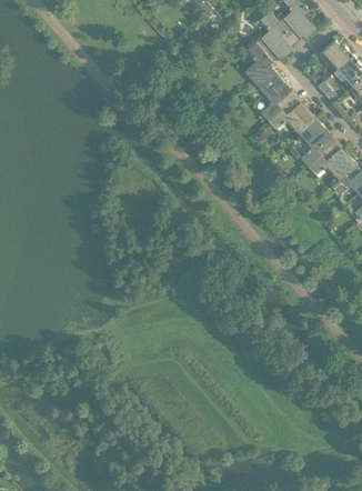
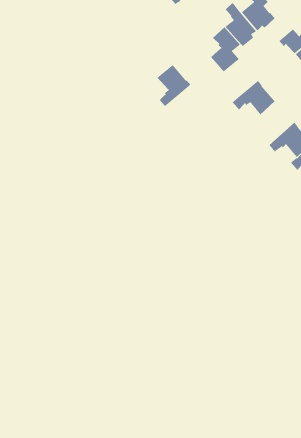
building: [259,73,296,120] -> [157,64,191,107]
building: [299,119,336,167] -> none

